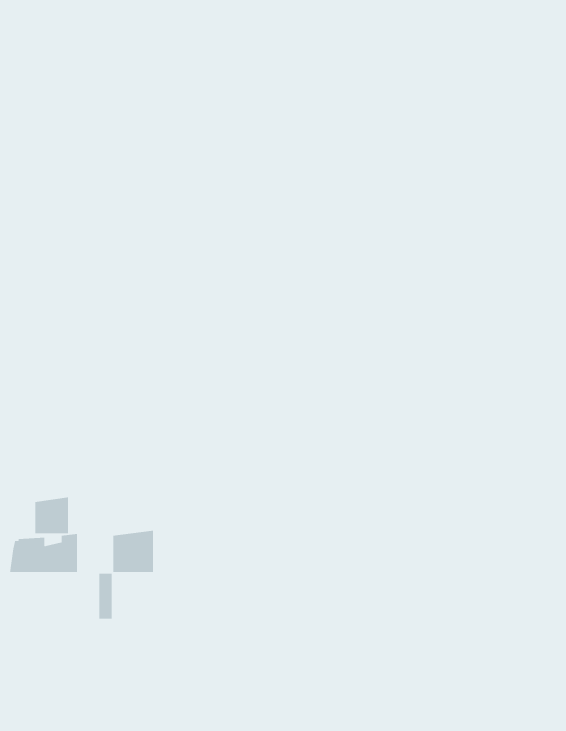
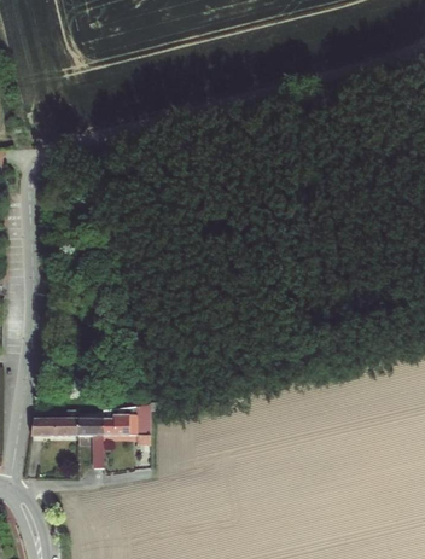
building: [34,496,69,534] -> [77,412,101,438]
building: none -> [130,406,149,438]

